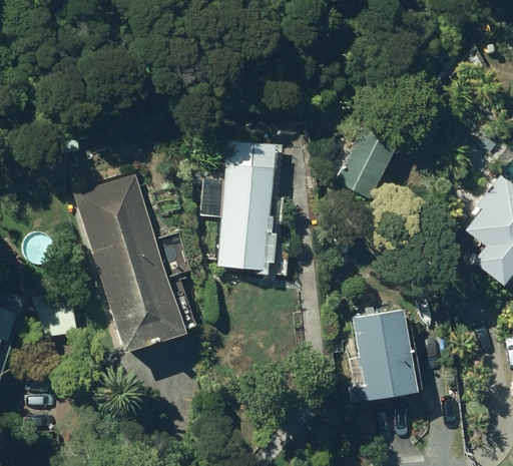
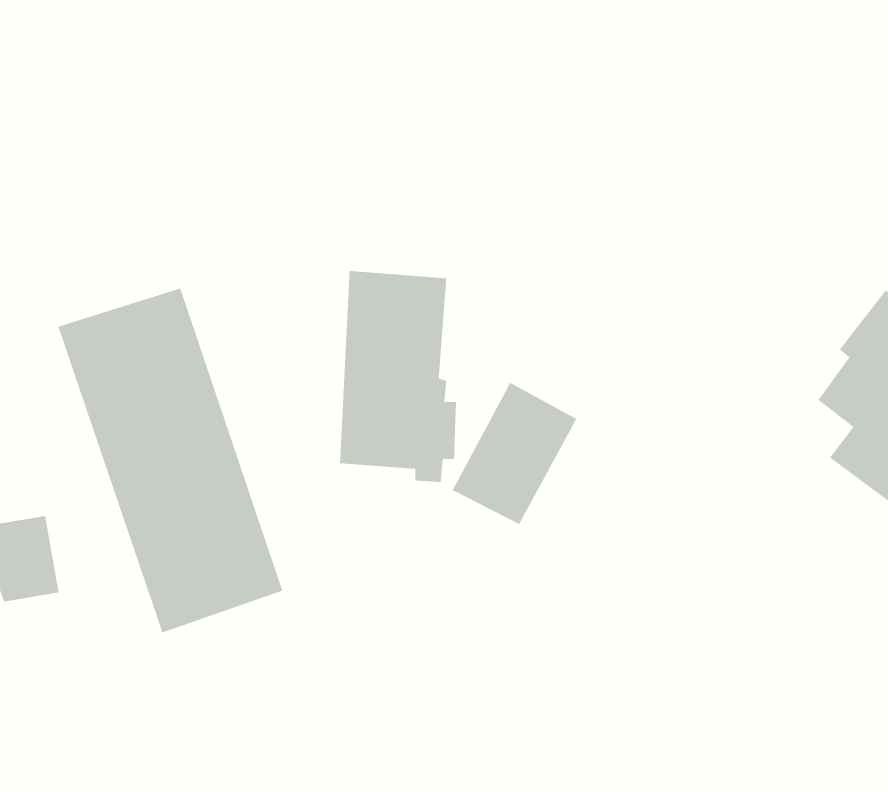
building: [333,123,398,197] -> [452,382,577,525]
building: [342,308,423,406] -> none

